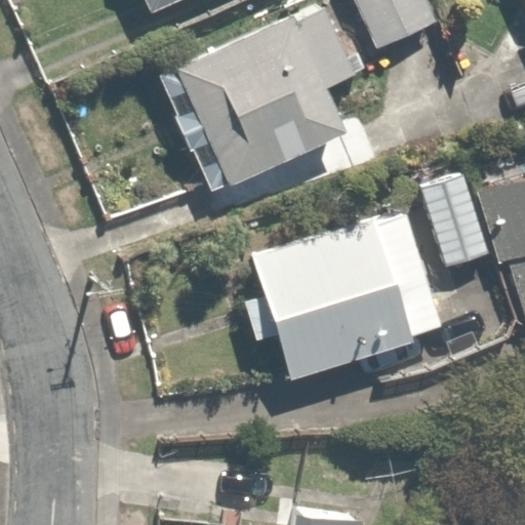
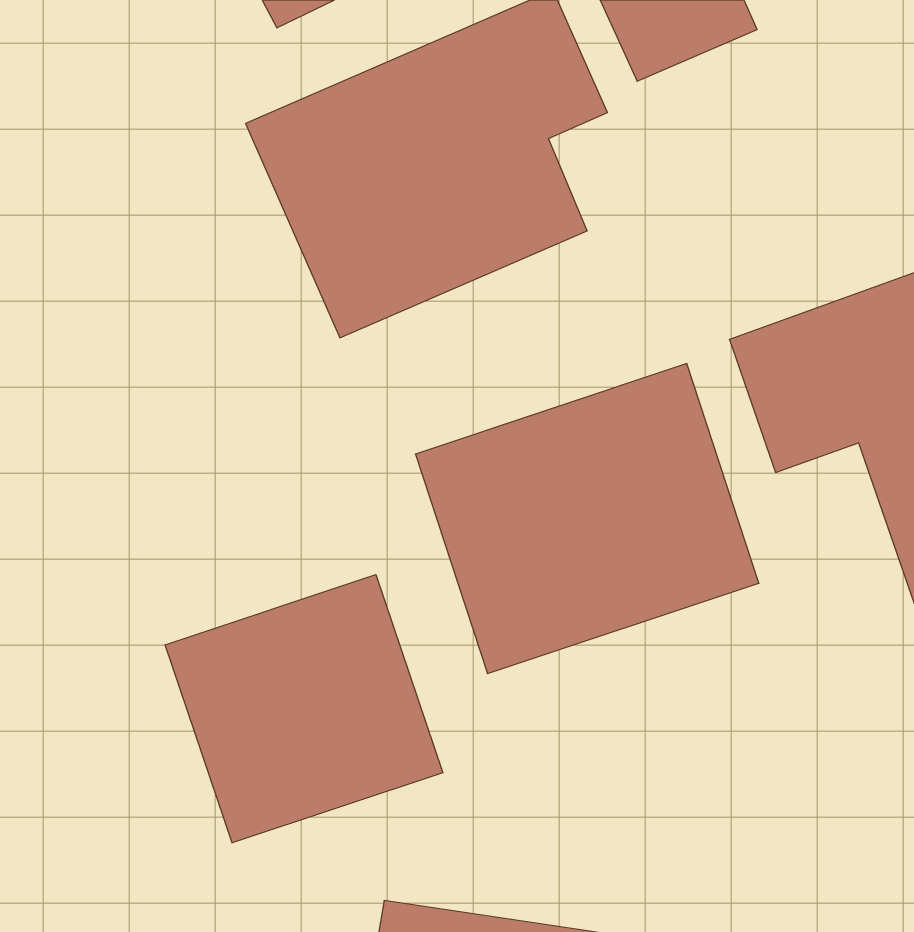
building: none -> [165,575,443,843]

